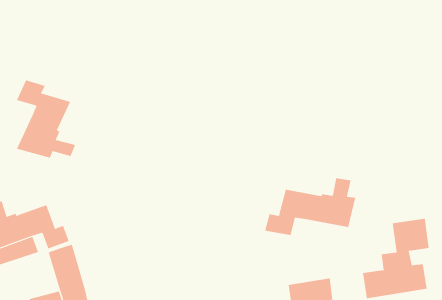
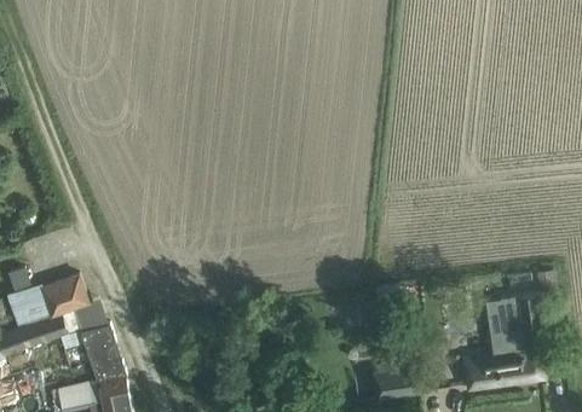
building: [16,80,76,159] -> none
building: [265,178,356,236] -> none

